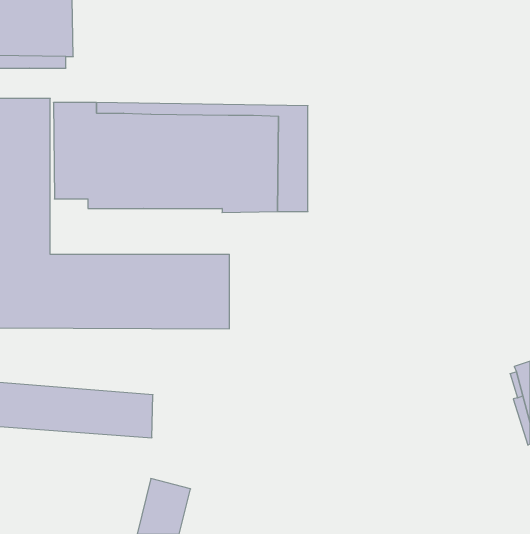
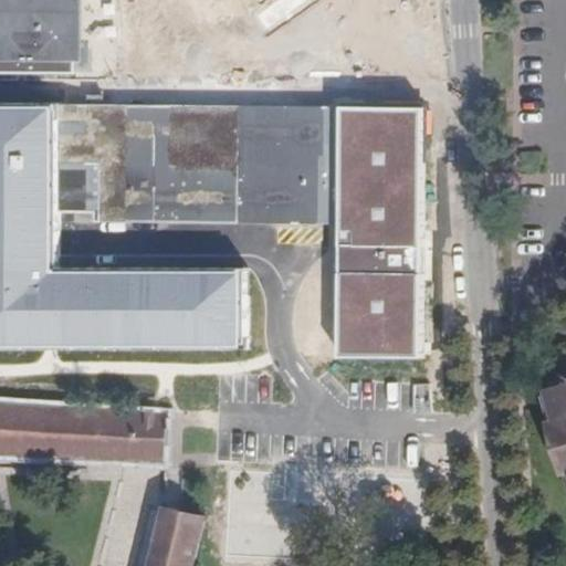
building: none -> [335,106,424,356]

